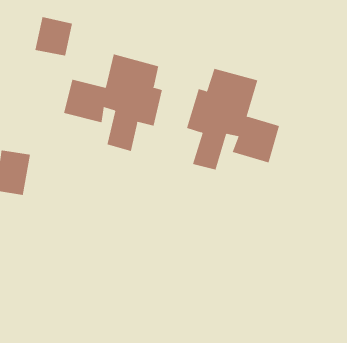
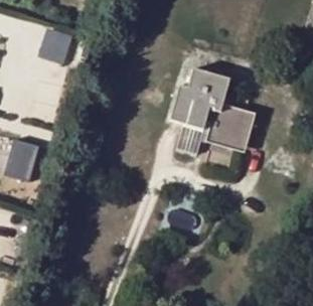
building: [63,53,163,152] -> none

